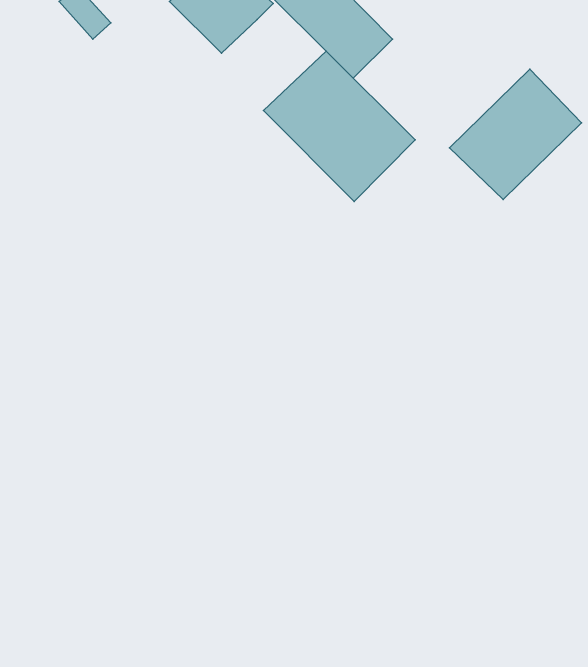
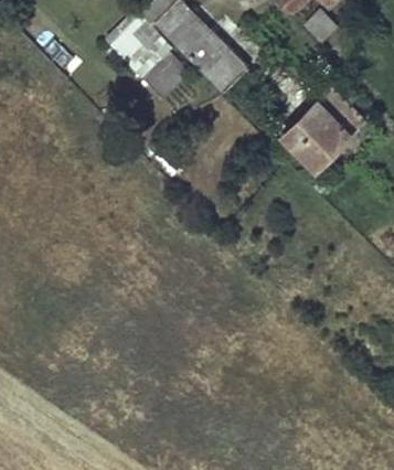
building: none -> [142,56,185,99]
building: [263,51,415,202] -> none

